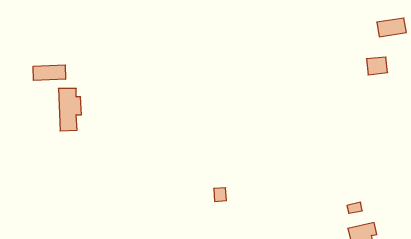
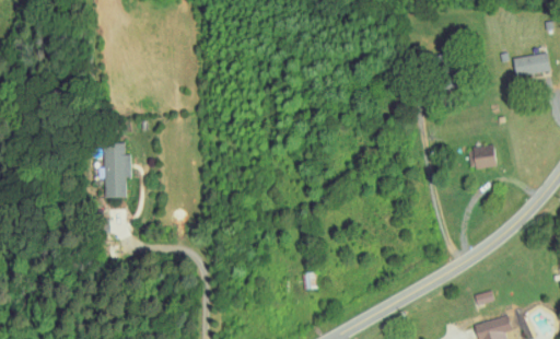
building: [366,57,388,75] -> [469,145,497,168]
building: [33,65,65,80] -> none

